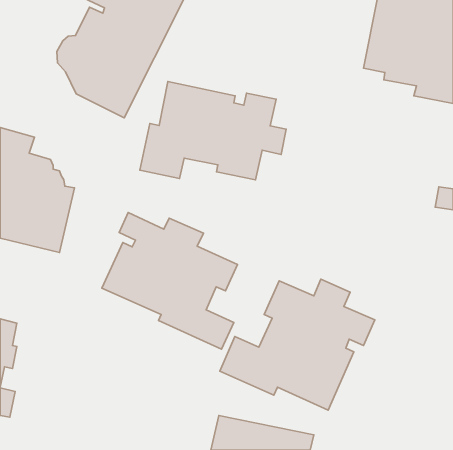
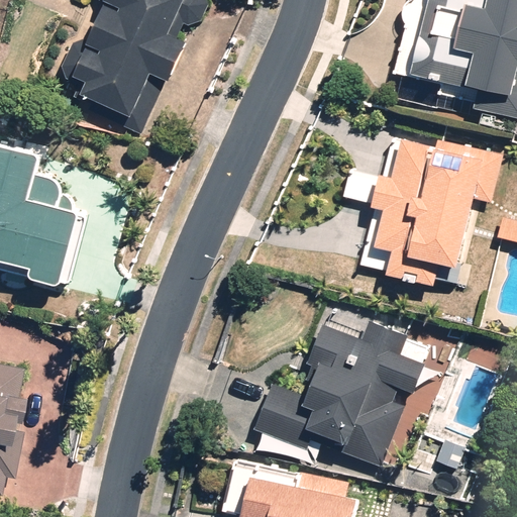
building: [140,82,286,180] -> none
building: none -> [373,140,504,284]
building: [102,213,237,349] -> none

